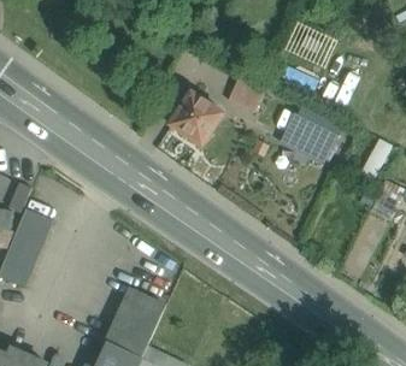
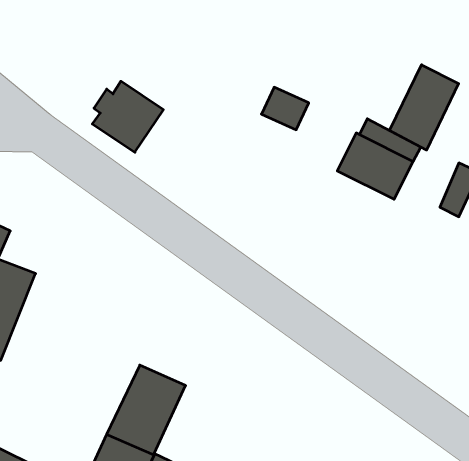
building: none -> [389,65,459,150]
building: [170,92,224,146] -> [92,81,163,152]

